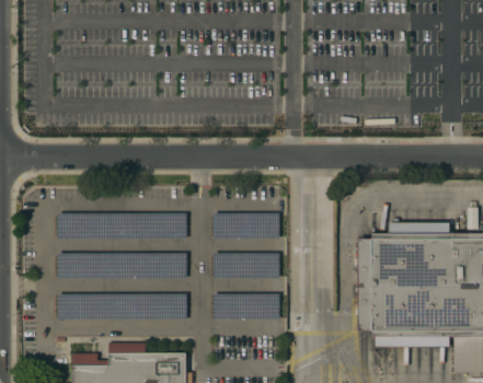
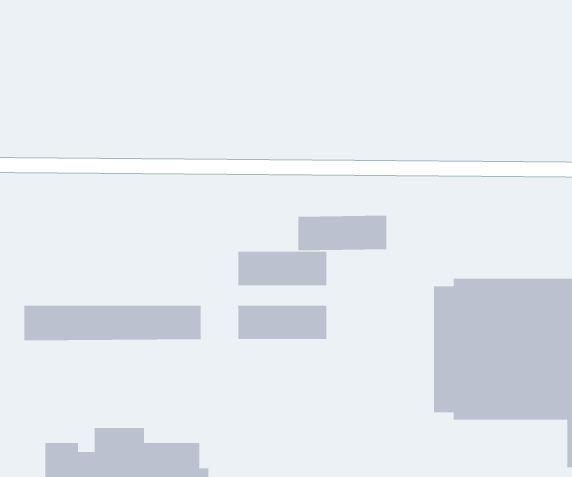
building: [57,213,187,239] -> none
building: [57,293,187,320] -> none
building: [214,293,279,320] -> [298,215,387,251]

